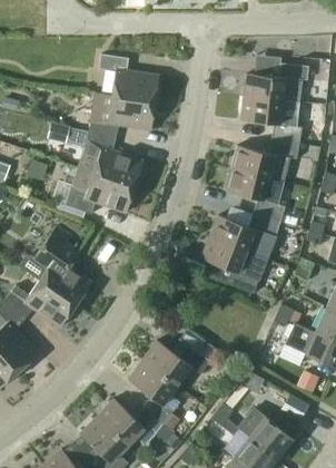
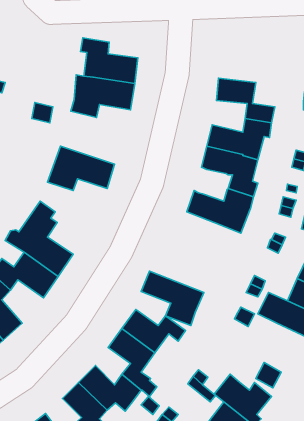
building: [243,62,308,101] -> none
building: [77,130,142,186] -> none
building: [200,236,266,293] -> [141,271,204,325]

